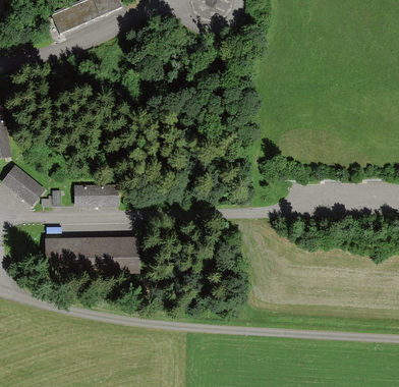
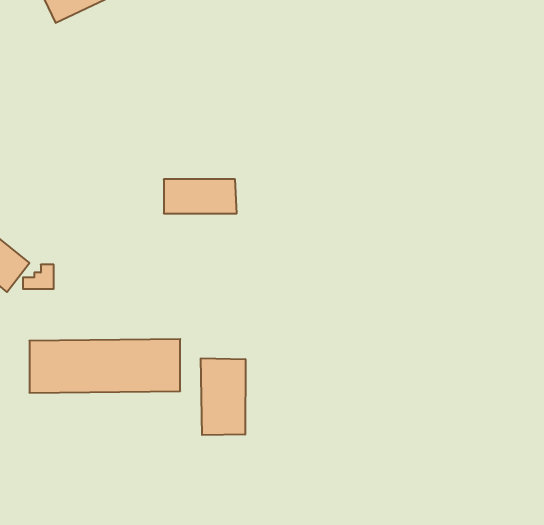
building: [72,183,118,205] -> [164,179,237,213]
building: none -> [201,358,245,435]

